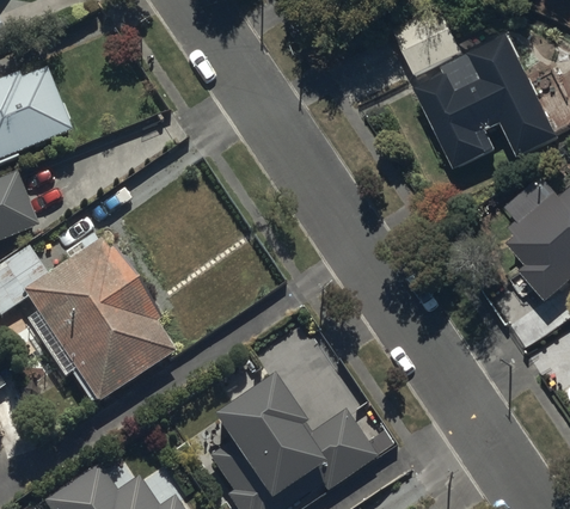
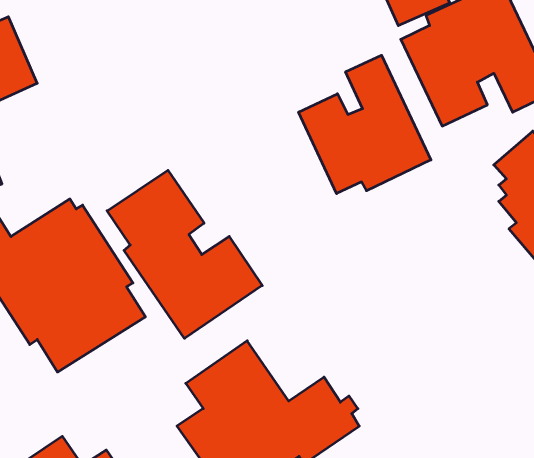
building: none -> [299,55,431,194]
building: none -> [107,170,262,338]

